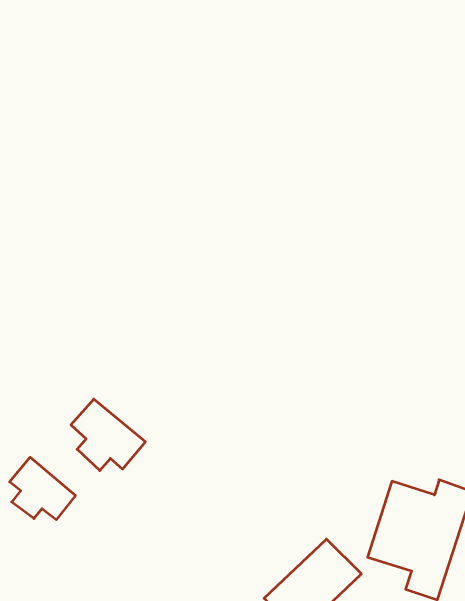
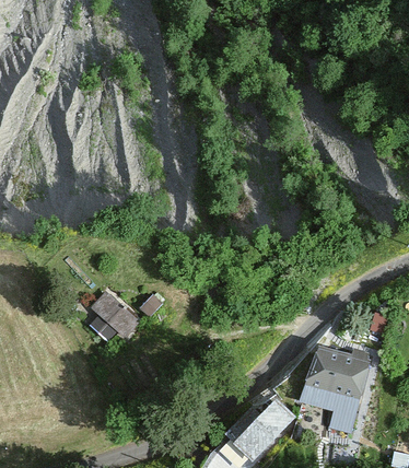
building: [10,457,75,520] -> none

